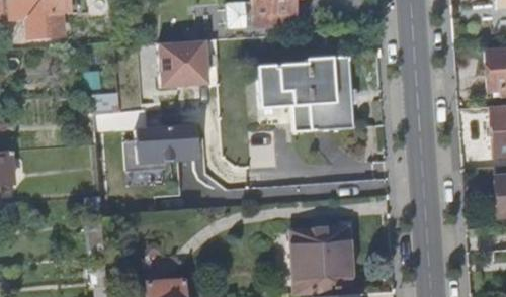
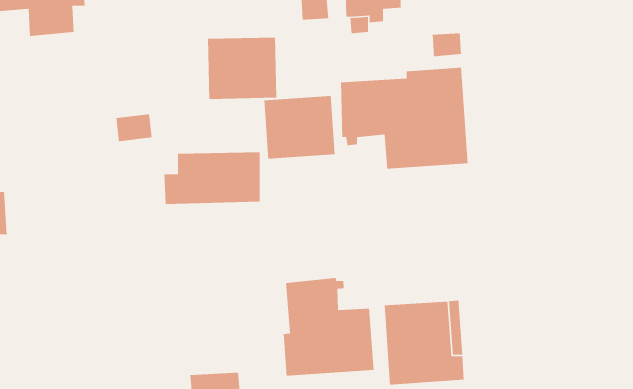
building: none -> [263,95,336,159]
building: none -> [283,277,375,377]

